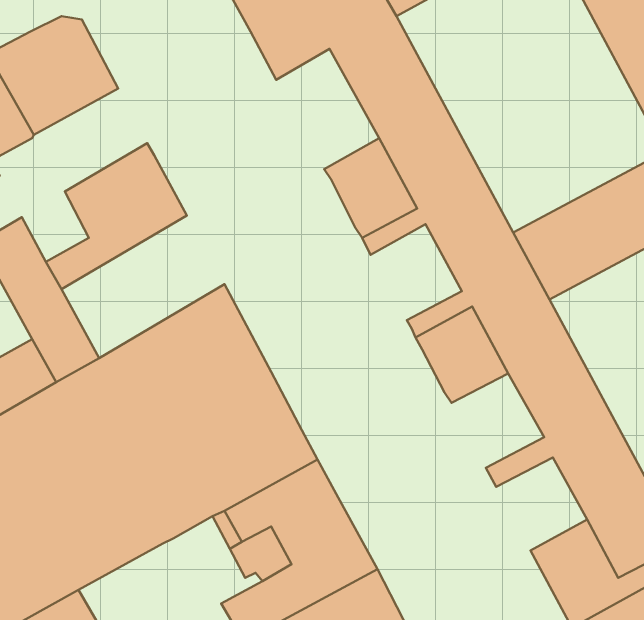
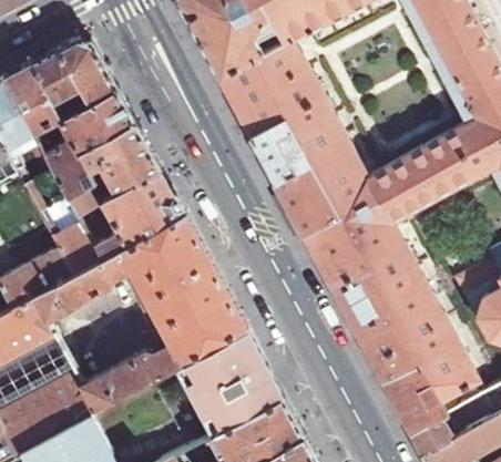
building: none -> [217,62,284,140]
building: none -> [45,88,134,199]
building: none -> [79,170,184,261]
building: none -> [278,175,337,237]
building: none -> [330,271,390,332]
building: none -> [359,326,418,386]

